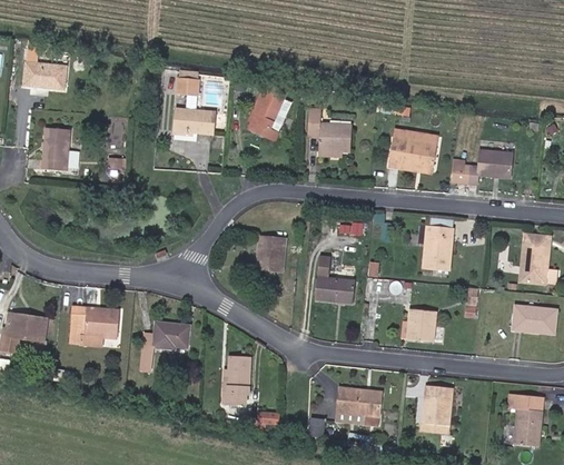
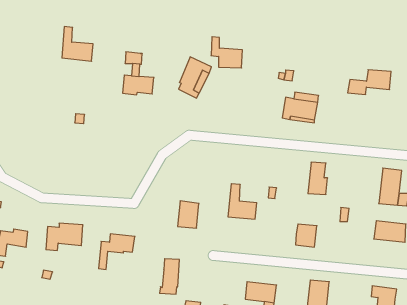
building: [23,42,66,89] -> [62,27,93,61]
building: [308,108,350,150] -> [211,37,242,68]
building: [42,128,69,169] -> none
building: [452,150,511,184] -> [348,70,391,94]
building: [256,235,285,271] -> [178,201,199,228]

